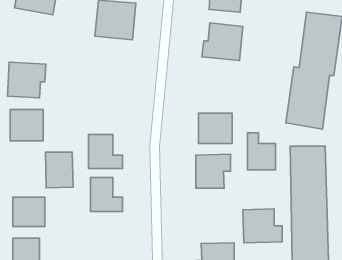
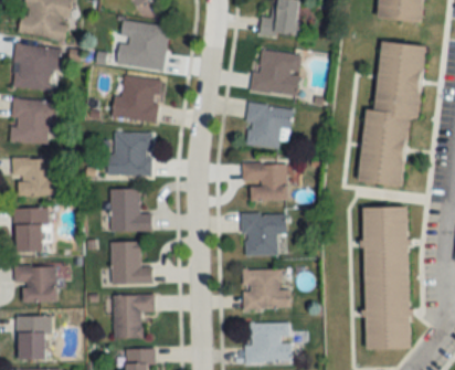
building: none -> [12,44,62,93]
building: none -> [114,77,161,123]
building: none -> [244,104,293,149]
building: none -> [110,134,152,176]
building: [247,133,276,170] -> none
building: [45,152,73,188] -> [14,208,49,252]
building: [243,209,282,243] -> [242,268,290,310]
building: none -> [114,296,155,339]

